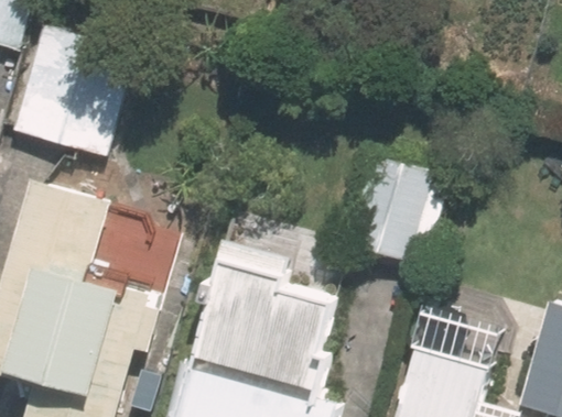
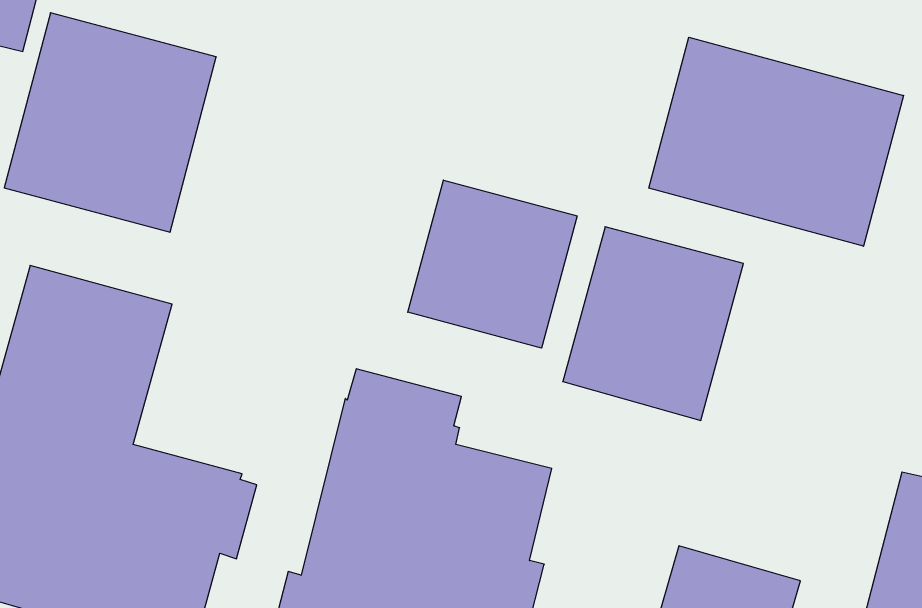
building: none -> [649,37,904,246]
building: none -> [408,180,577,348]

